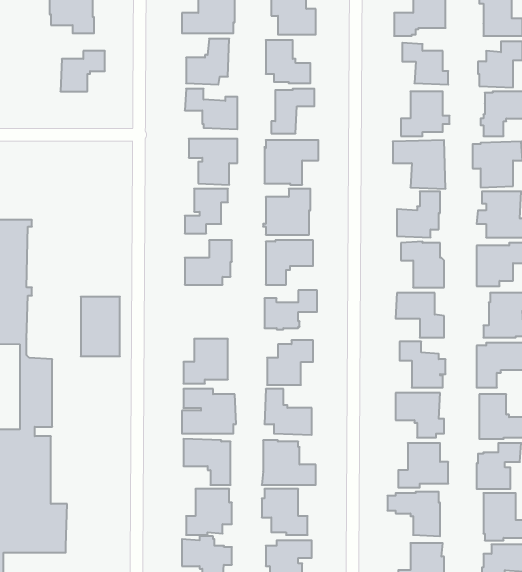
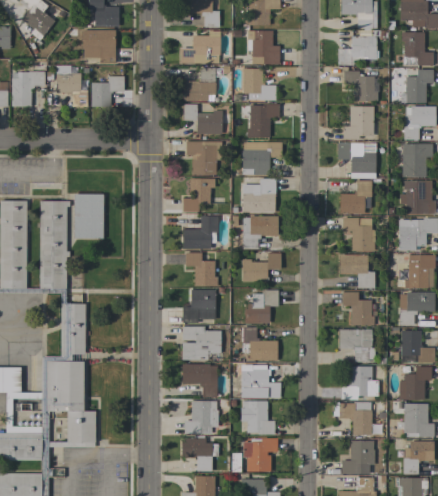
building: none -> [56,68,88,106]
building: none -> [185,252,218,286]
building: [81,297,120,356] -> [74,194,103,238]

